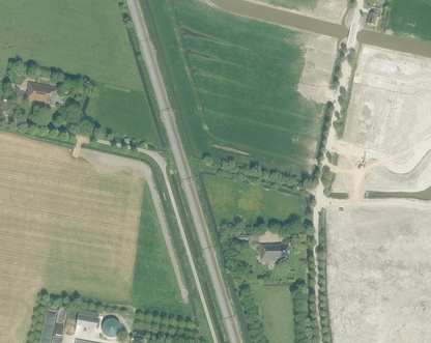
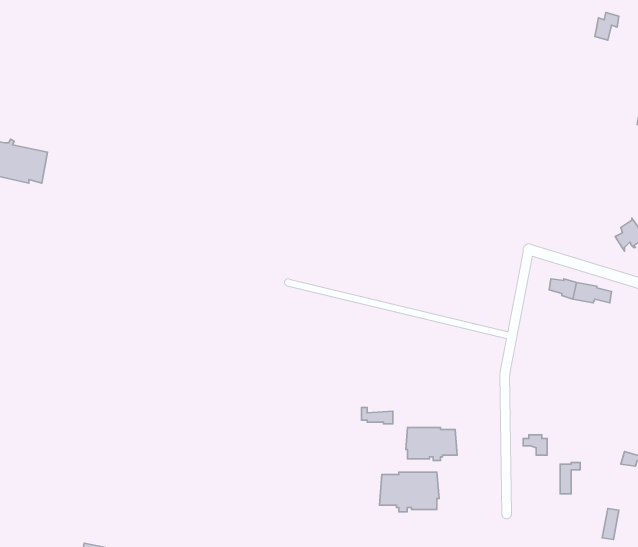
building: none -> [380,472,439,512]

